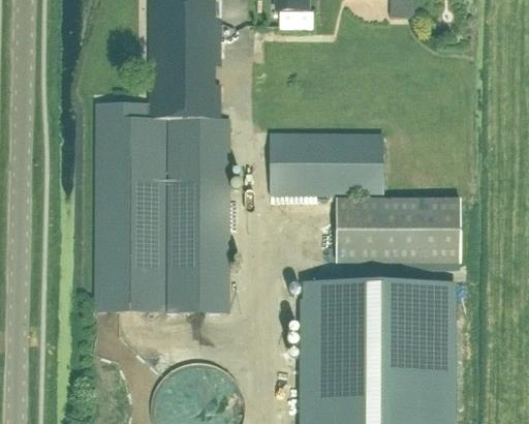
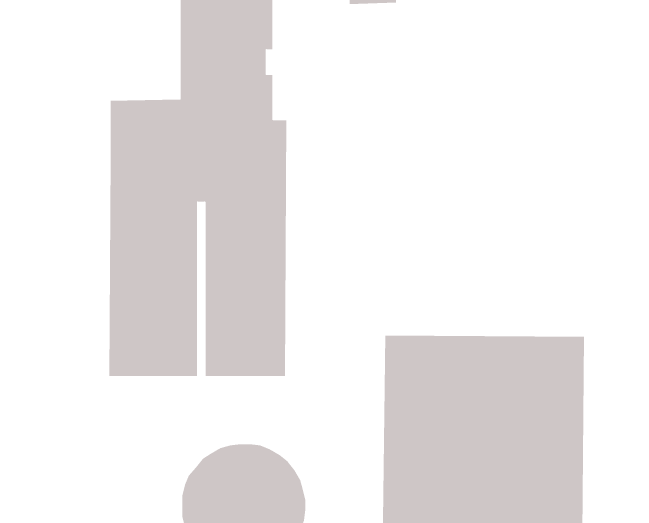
building: [269,133,460,263] -> none

